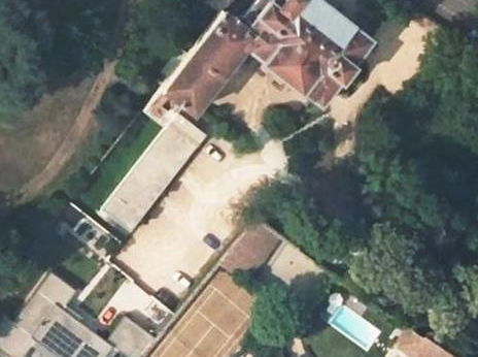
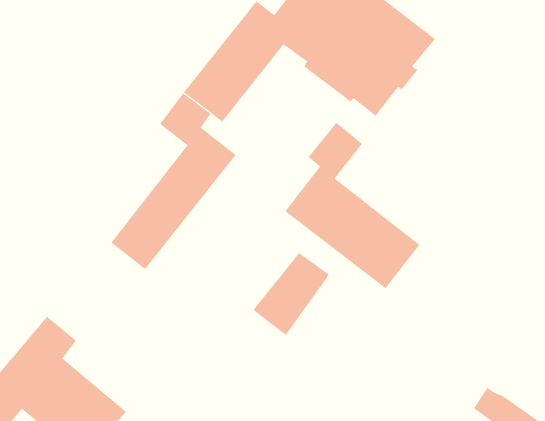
building: none -> [284,122,420,289]

